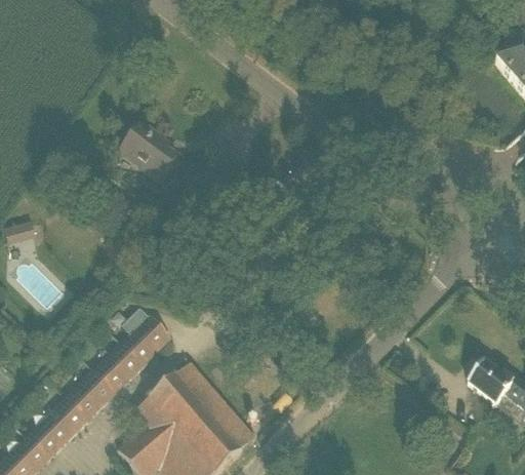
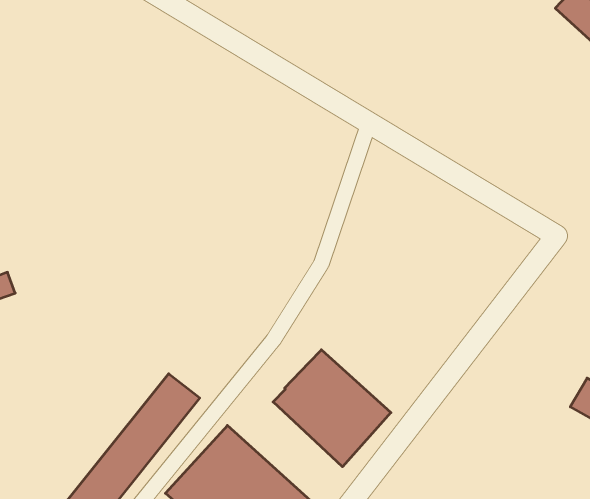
building: [123,123,177,182] -> none
building: none -> [273,350,391,467]

